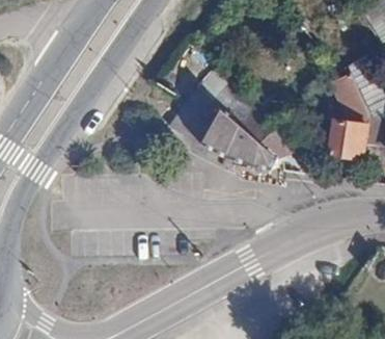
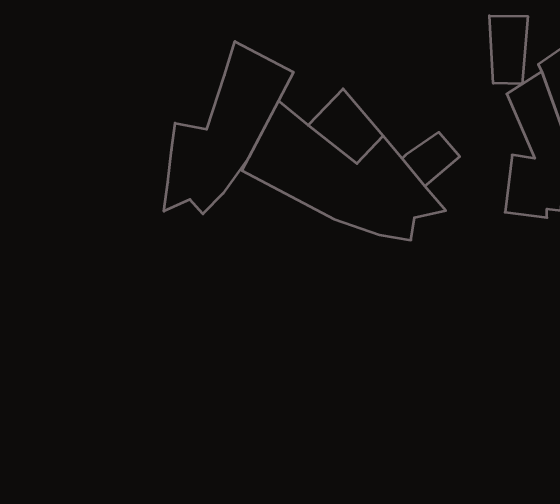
building: none -> [489,16,528,84]
building: none -> [164,41,293,214]

